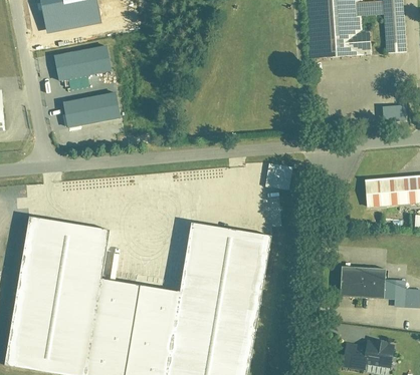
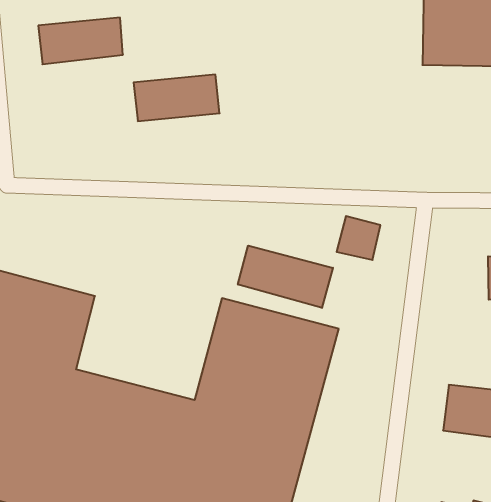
building: [61,91,120,126] -> [134,75,220,121]
building: none -> [238,246,333,308]

